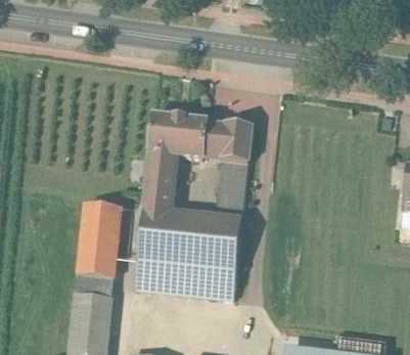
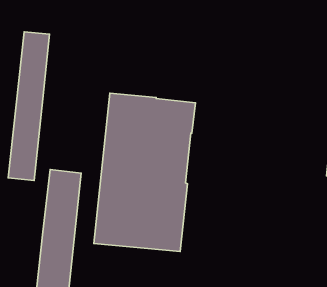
building: none -> [8,32,49,181]

